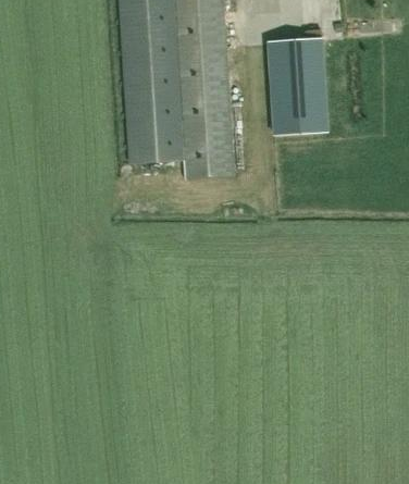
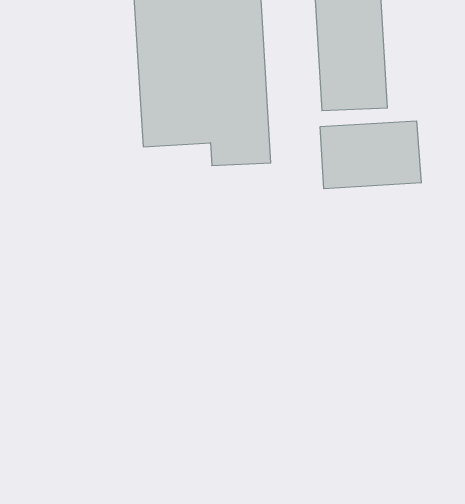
building: none -> [320,121,421,189]

